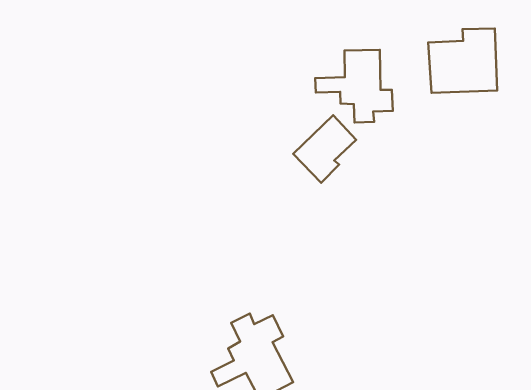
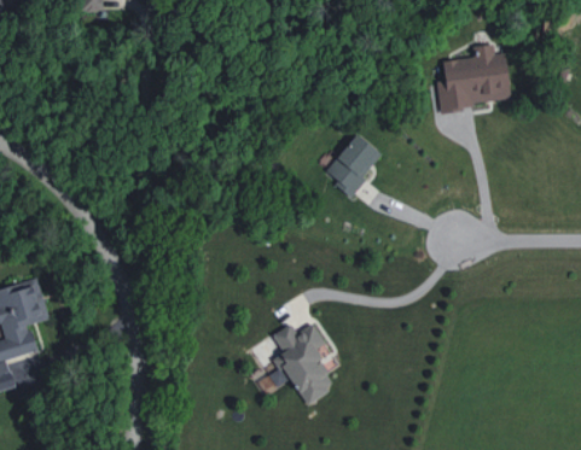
building: [315,50,393,122] -> none

